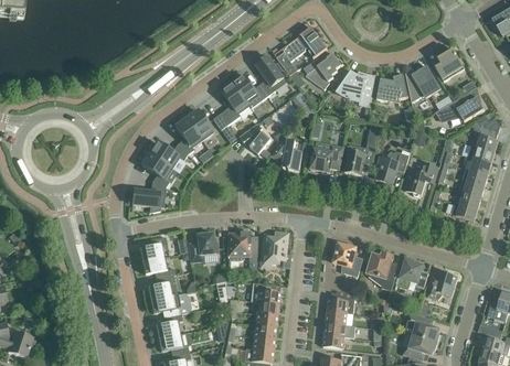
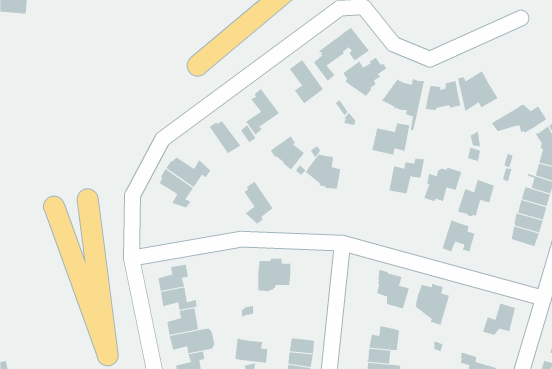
building: [434,47,465,80] -> none
building: [233,74,269,107] -> none
building: [176,115,202,153] -> [244,181,273,224]
building: [310,143,344,172] -> [372,123,410,155]
building: [131,182,166,206] -> none
building: [189,232,217,261] -> none
building: [261,232,287,267] -> none
building: [399,259,428,288] -> [442,220,476,252]
building: [251,281,280,303] -> [234,338,268,363]

